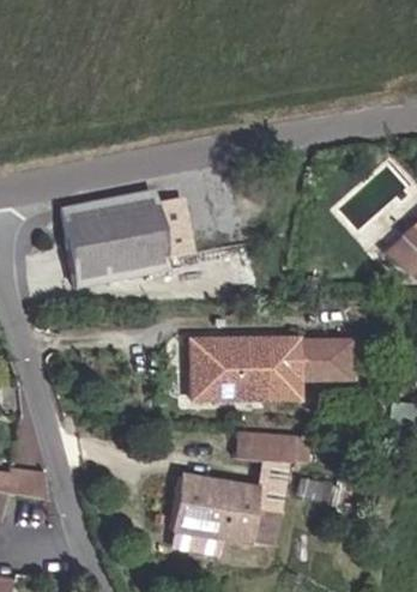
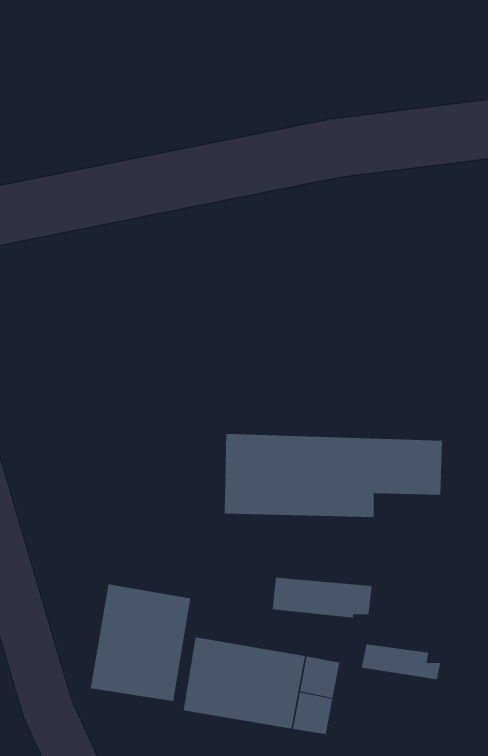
building: [61,193,164,282] -> none
building: none -> [90,583,191,702]

